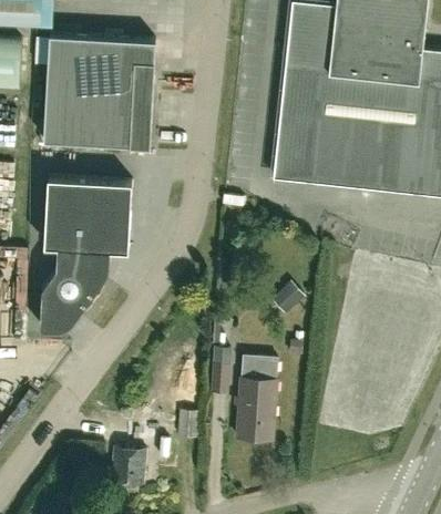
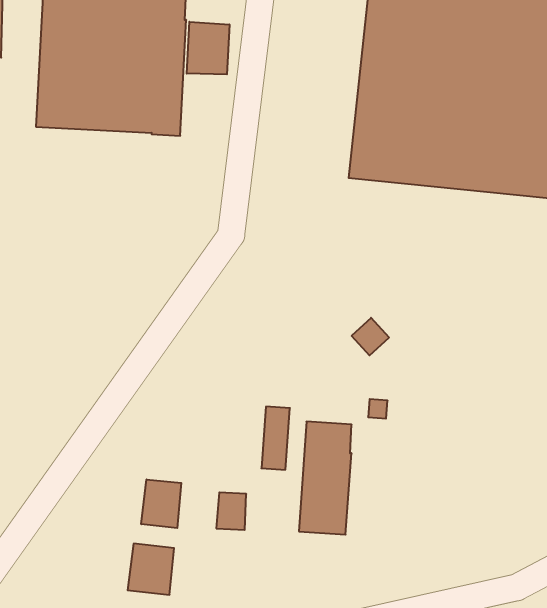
building: none -> [187,22,229,74]
building: [39,177,132,329] -> none
building: none -> [141,479,181,528]

